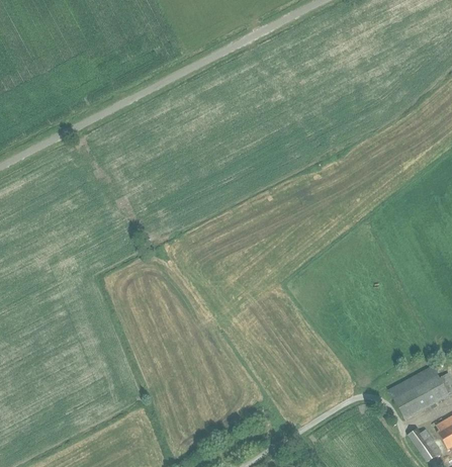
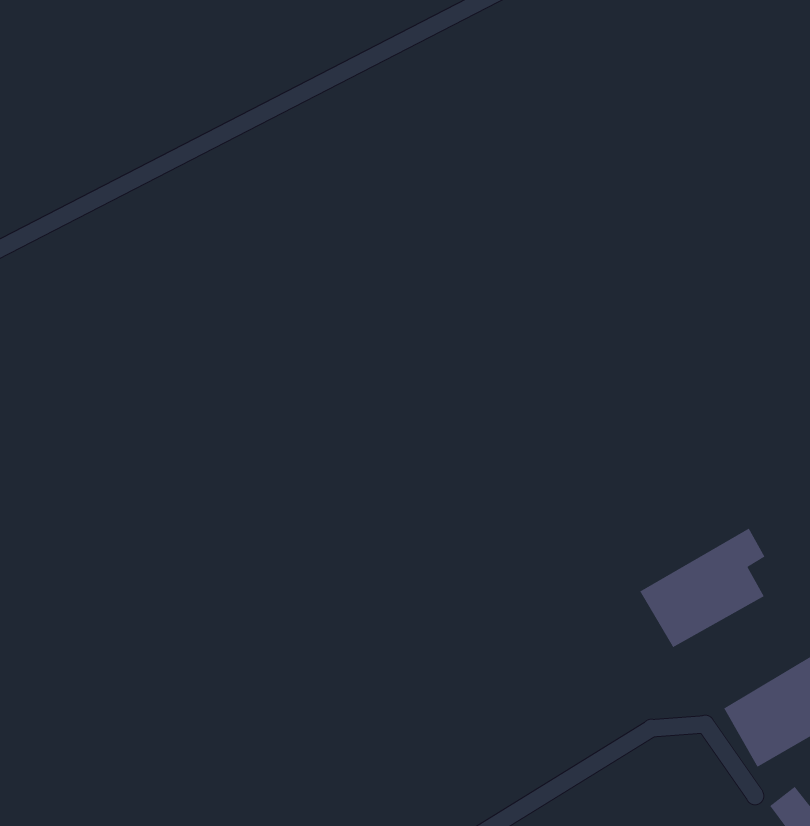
building: none -> [639,528,766,648]

